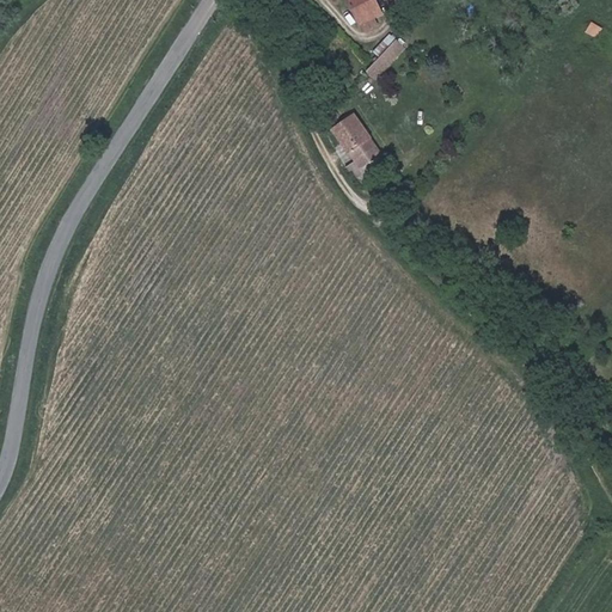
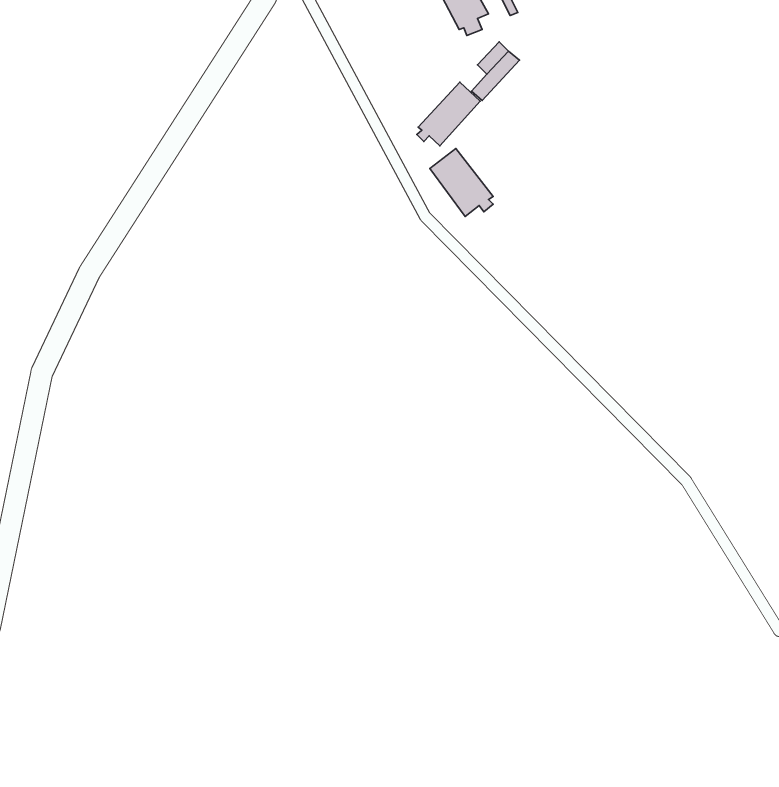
building: none -> [417,82,480,146]

